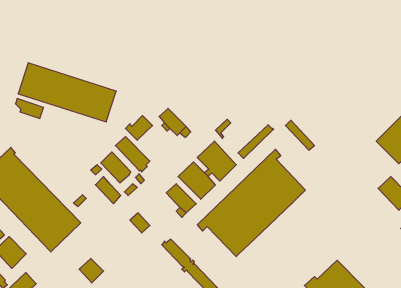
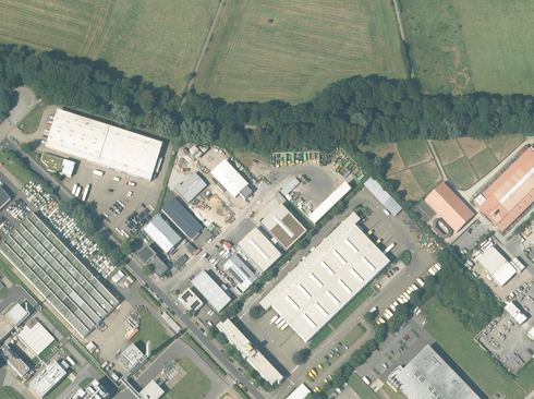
building: none -> [425,182,474,231]
building: none -> [191,270,231,311]

